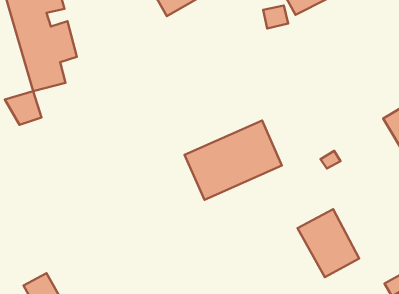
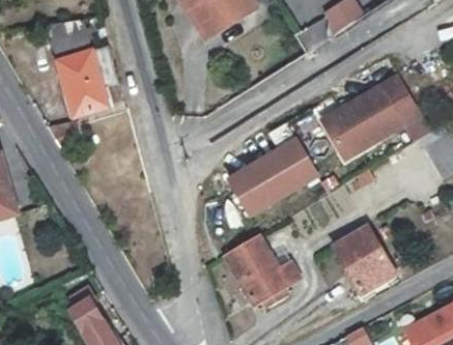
building: none -> [322,74,422,151]
building: none -> [225,237,299,305]

